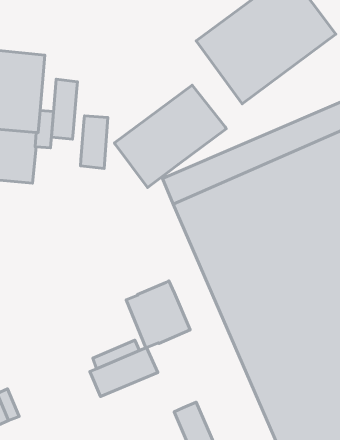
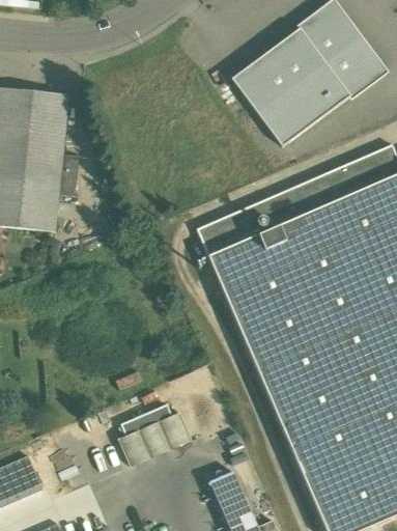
building: [51,79,77,139] -> none
building: [114,85,226,188] -> none
building: [80,116,108,168] -> none
building: [126,281,190,348] -> none

